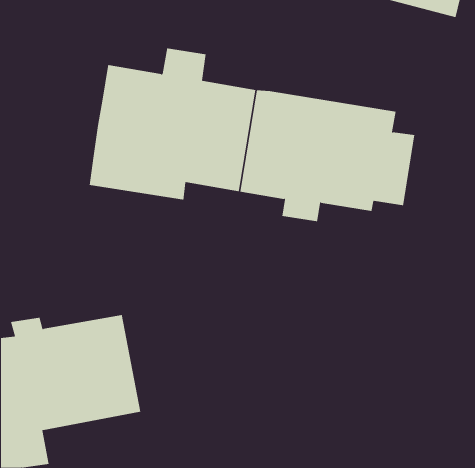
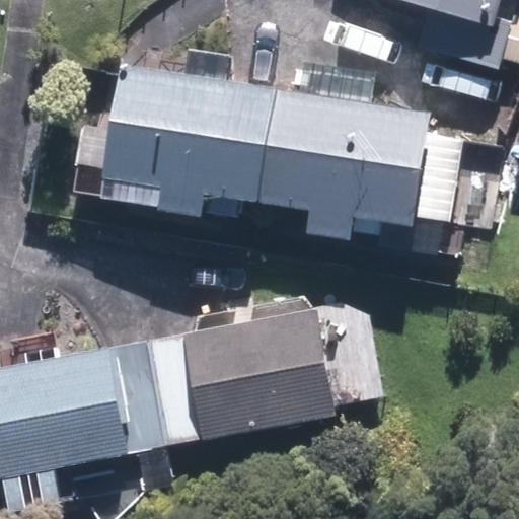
building: none -> [136,307,331,446]

